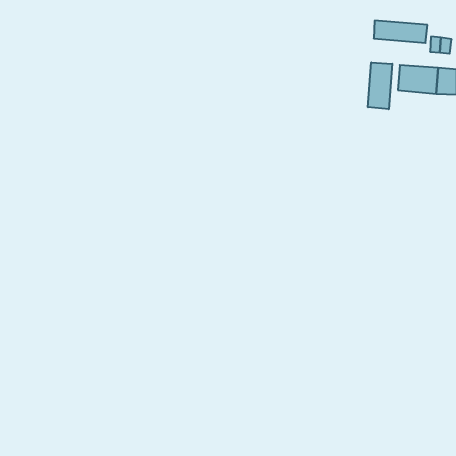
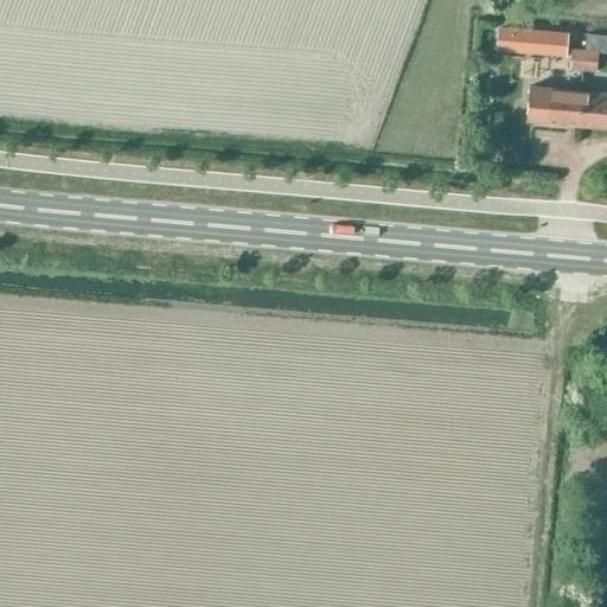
building: [368,62,392,109] -> none

